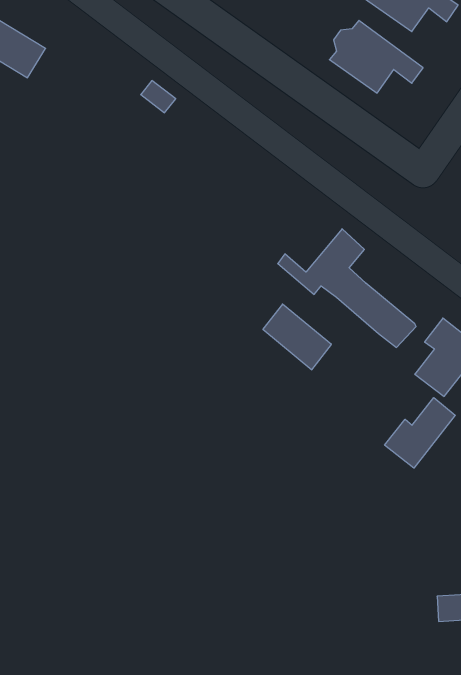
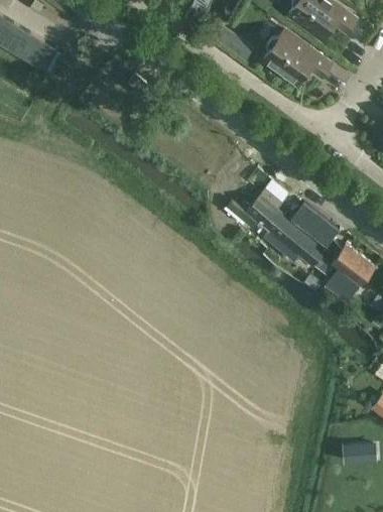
building: none -> [212,23,255,60]
building: [263,304,331,370] -> [290,202,340,249]
building: [385,398,455,468] -> none

